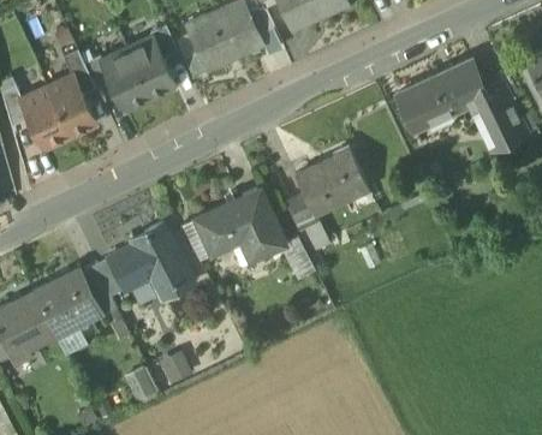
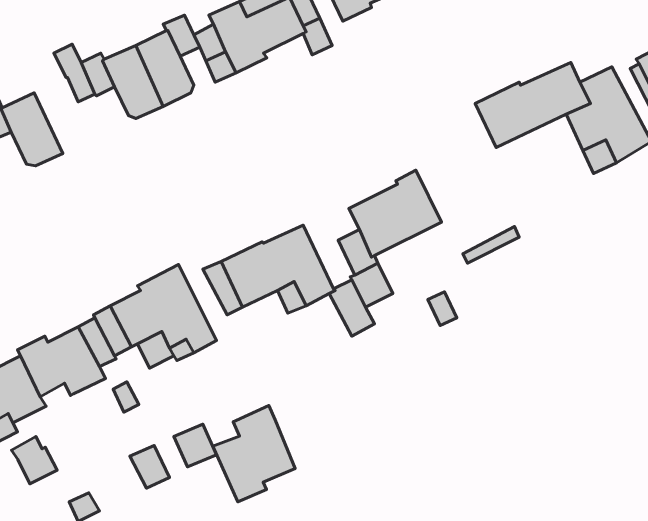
building: [47,75,94,135] -> none
building: [52,316,88,353] -> [12,437,57,484]
building: none -> [213,405,295,502]

